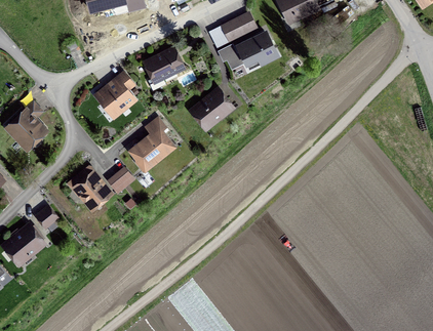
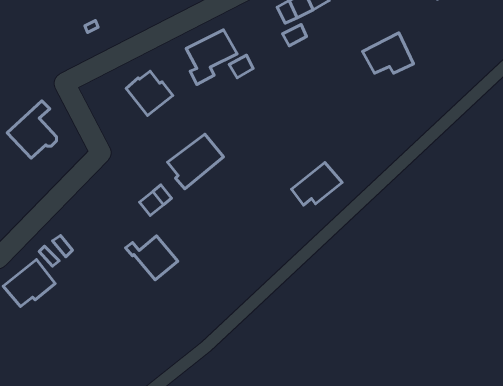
building: [237,32,276,63] -> [363,33,413,73]
building: [192,90,231,123] -> [291,162,342,205]
building: [69,173,109,207] -> [126,236,178,280]

